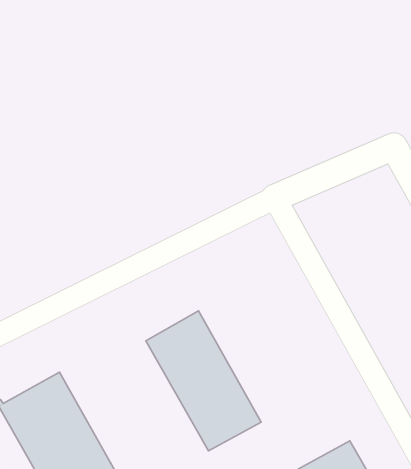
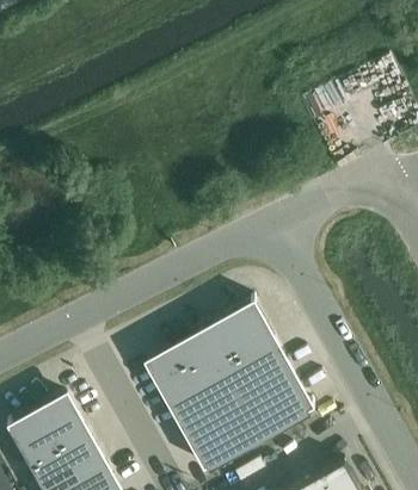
building: none -> [196,299,314,444]

